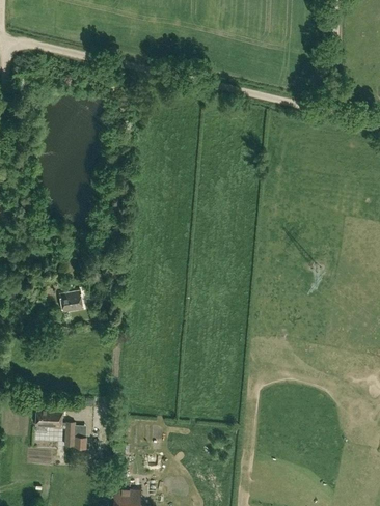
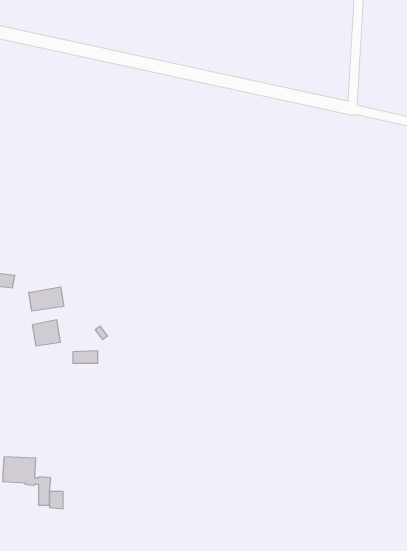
building: none -> [29,287,64,311]

